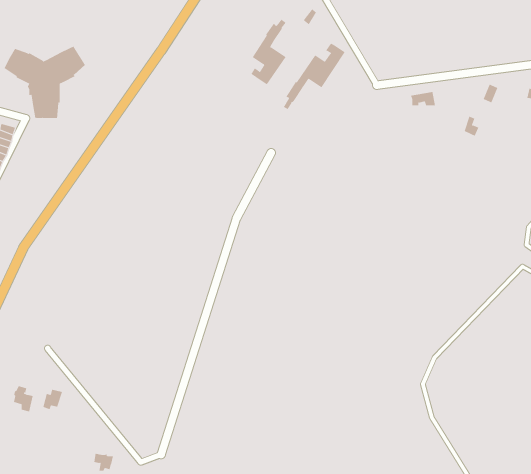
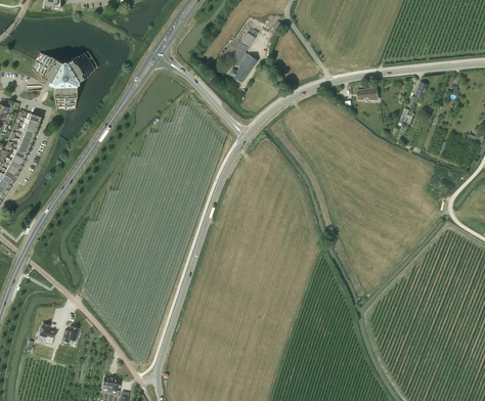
building: [283,43,345,110] -> none

